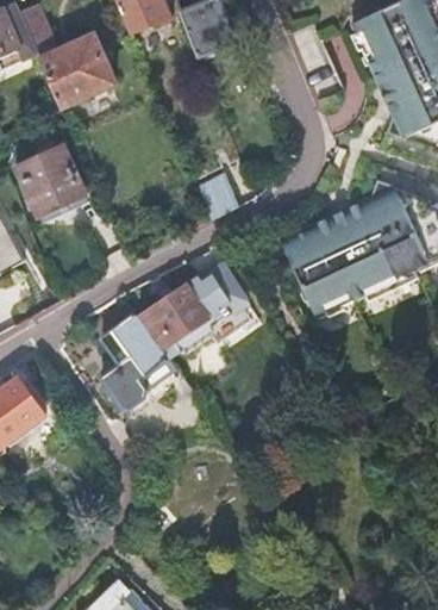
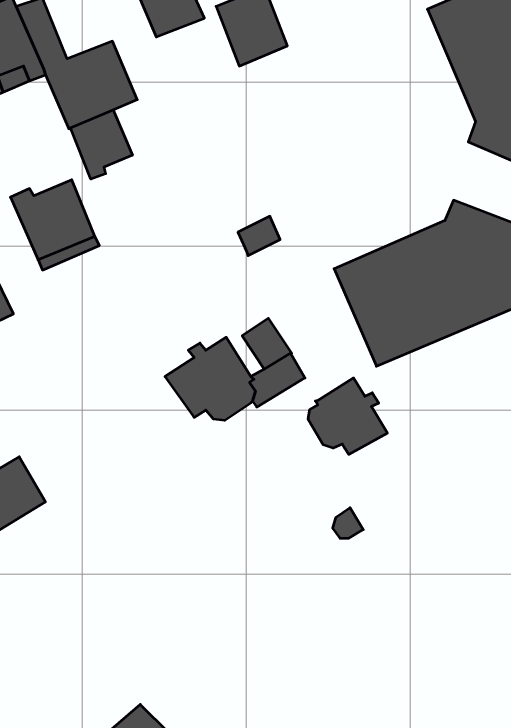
building: none -> [71,110,132,179]
building: [102,312,165,406] -> none
building: none -> [308,378,387,454]

